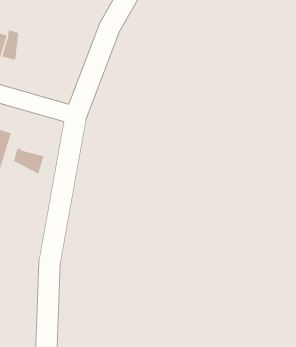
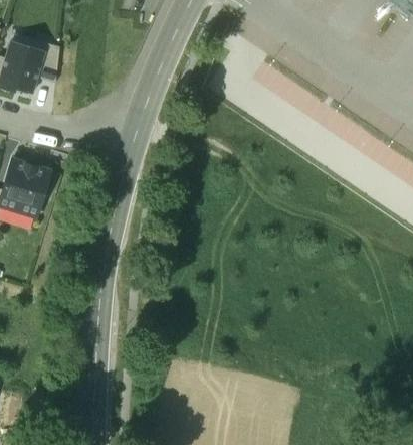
building: [13,148,44,175] -> none

